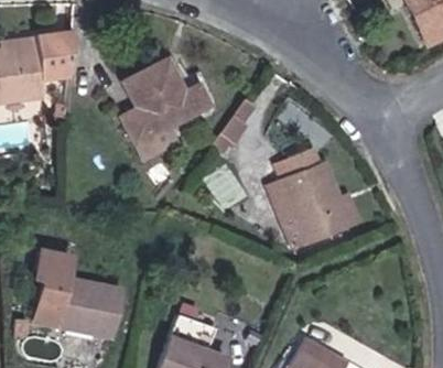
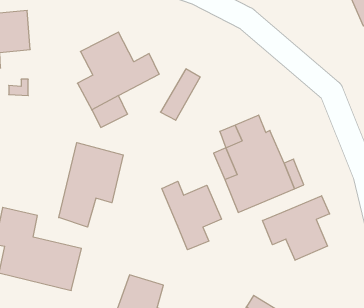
building: none -> [59,143,123,227]
building: none -> [162,181,221,250]
building: none -> [263,196,330,260]

